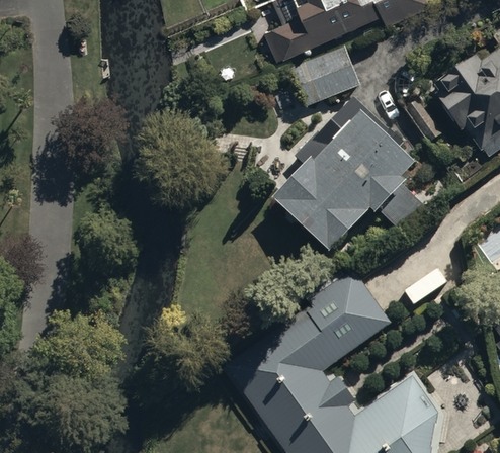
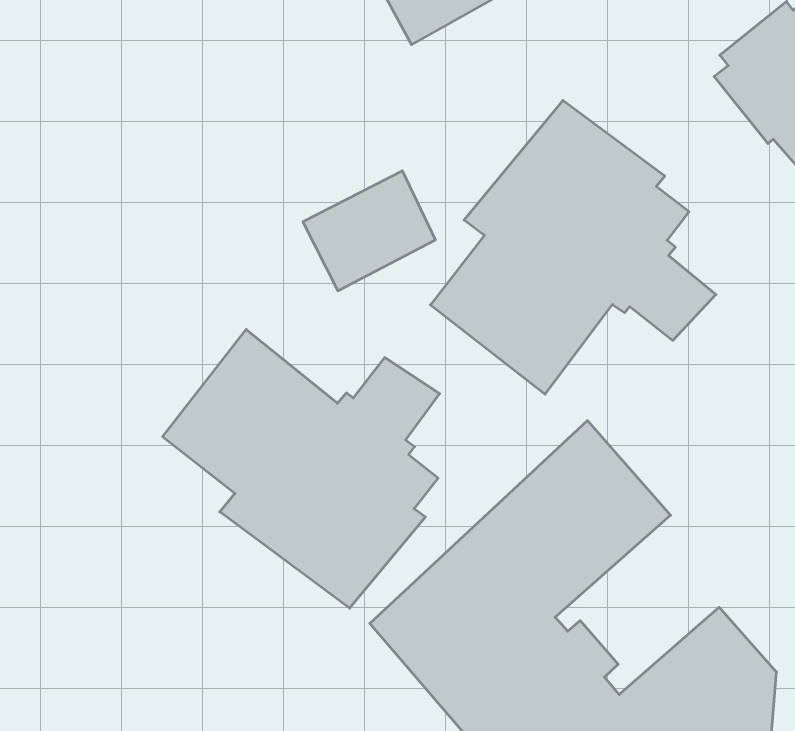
building: [289,47,359,107] -> [303,171,435,291]
building: none -> [163,329,440,608]

